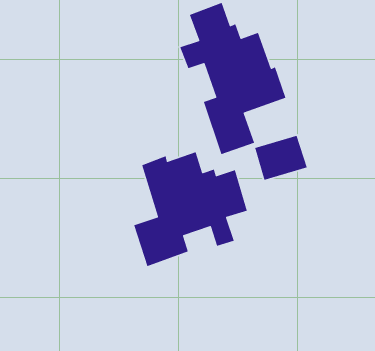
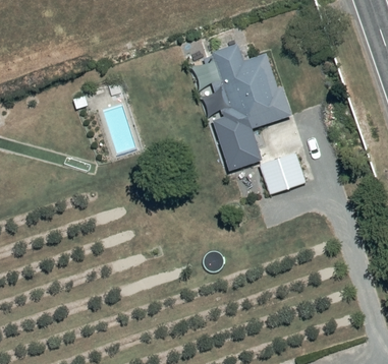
building: [133,151,248,267] -> none

